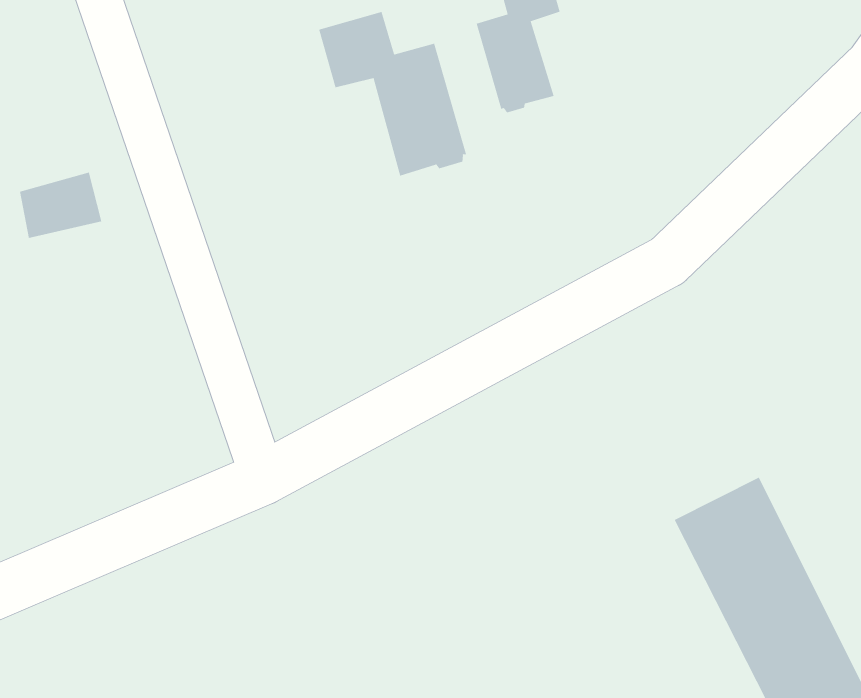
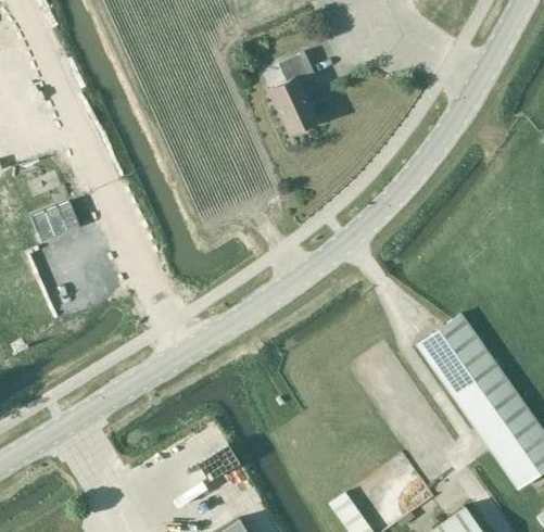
building: [318,11,467,176] -> none

